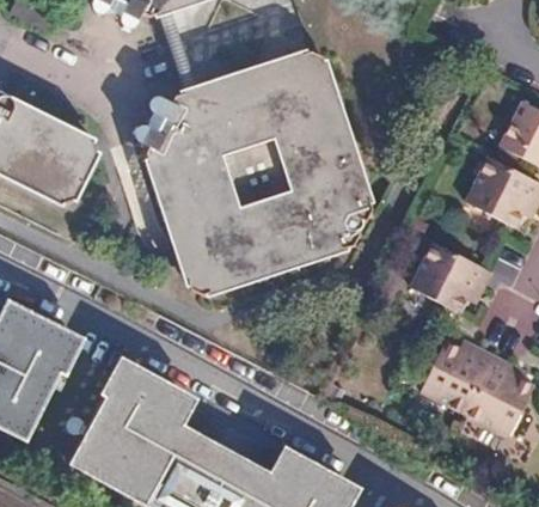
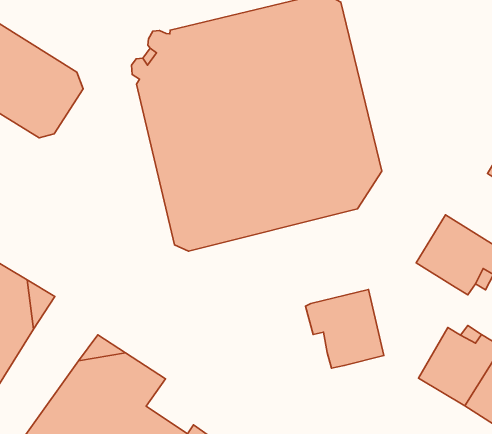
building: none -> [305,289,384,368]

